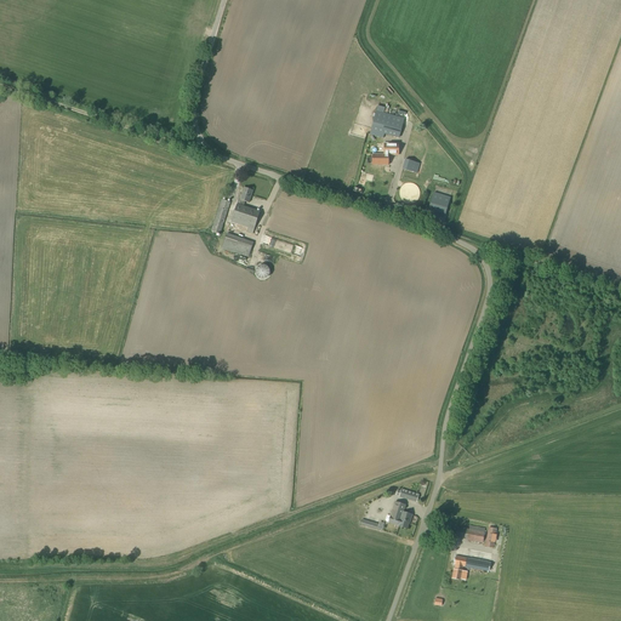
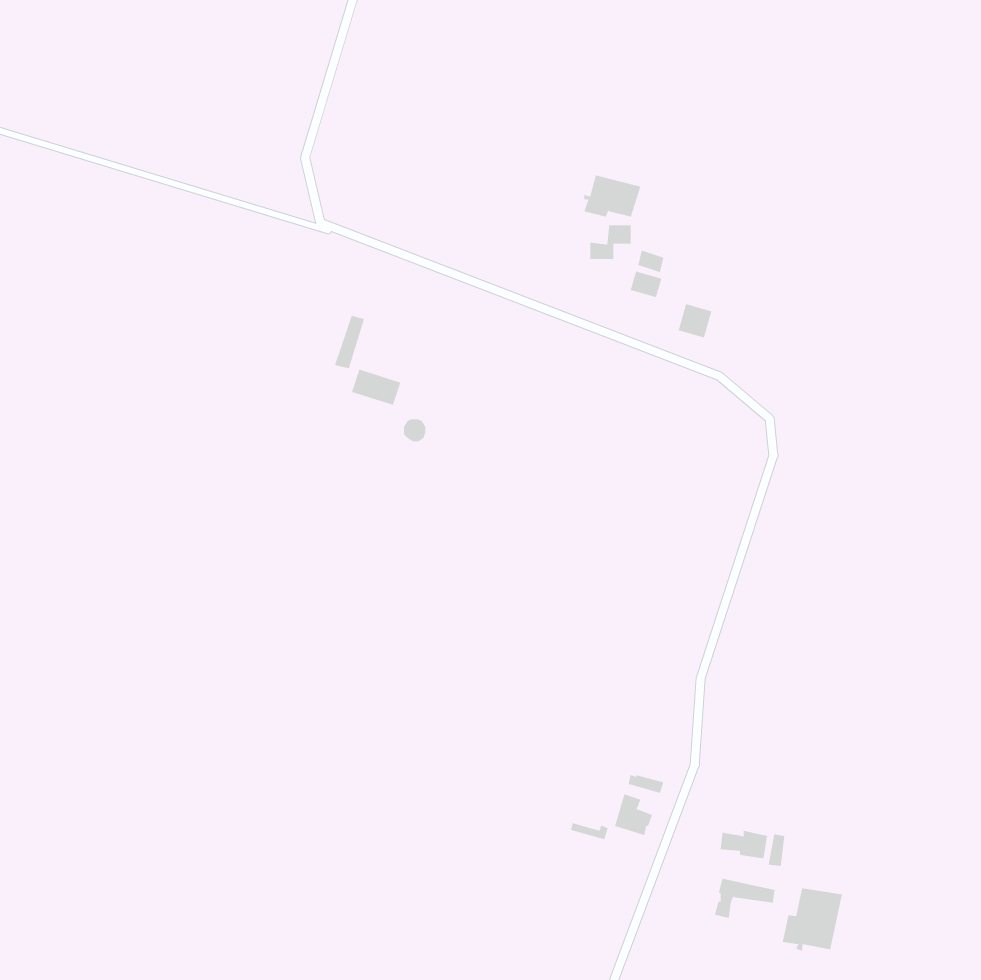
building: [230,187,260,233] -> none
building: none -> [782,887,842,952]

